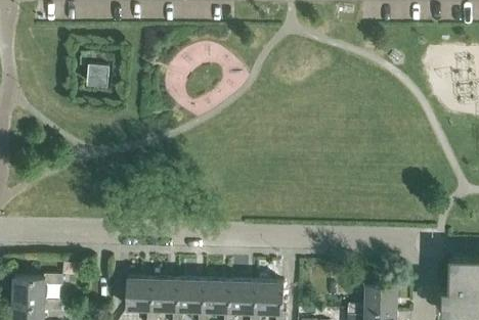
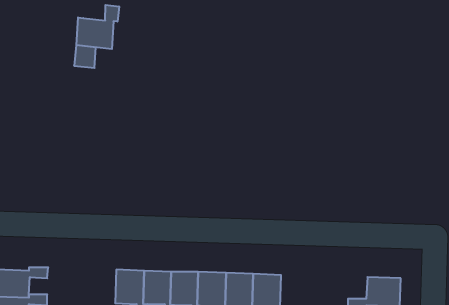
building: none -> [76,5,119,49]

